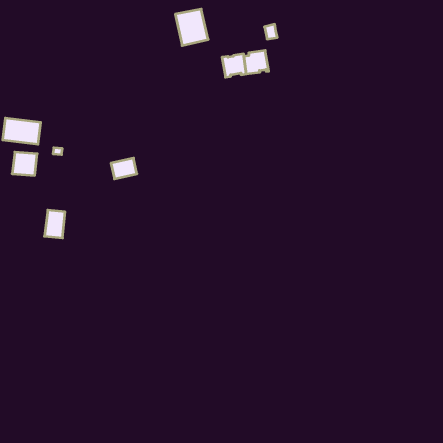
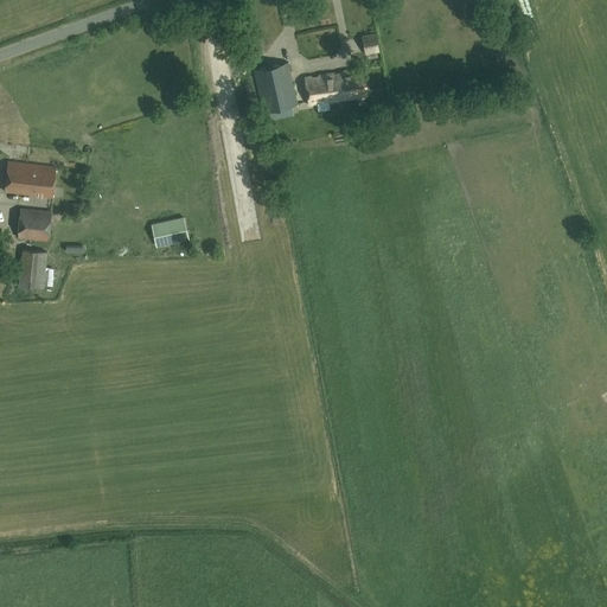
building: [175,9,208,46] -> [253,64,298,114]
building: [44,210,65,238] -> [18,250,46,288]

